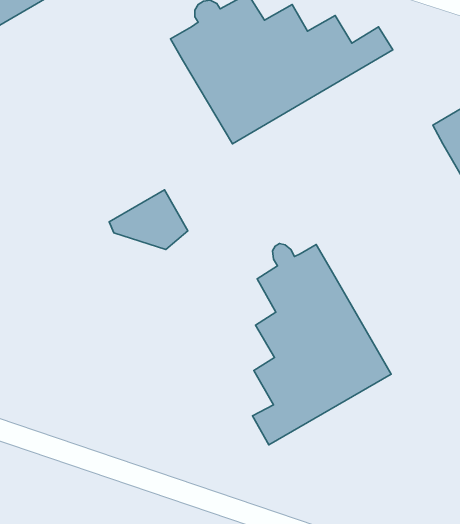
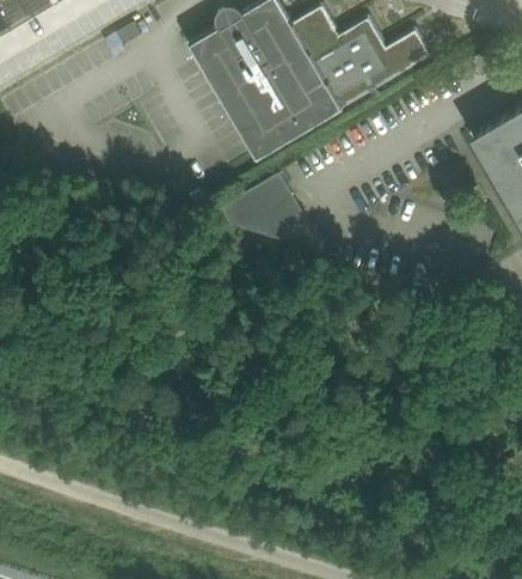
building: [109,190,188,250] -> [219,175,303,239]
building: [252,244,391,445] -> none

